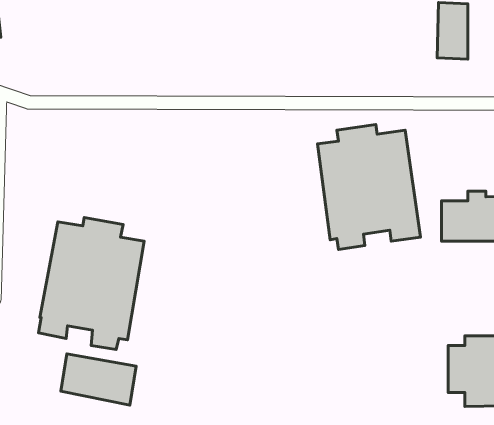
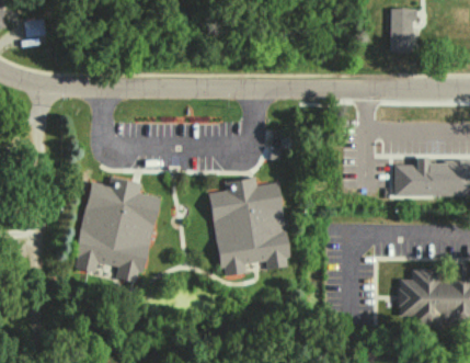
building: [318,125,420,250] -> [209,178,290,276]
building: [61,354,136,405] -> none

